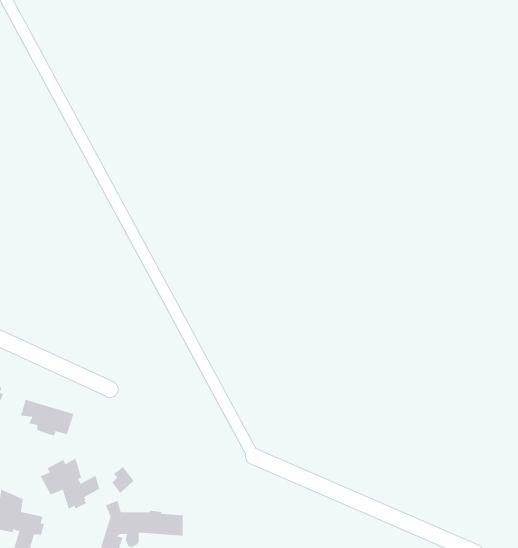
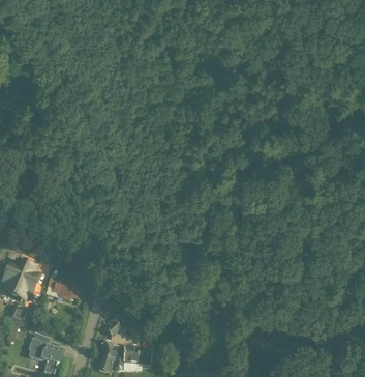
building: [40,458,100,509] -> none

